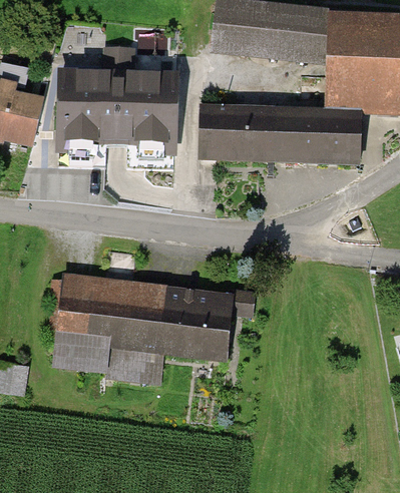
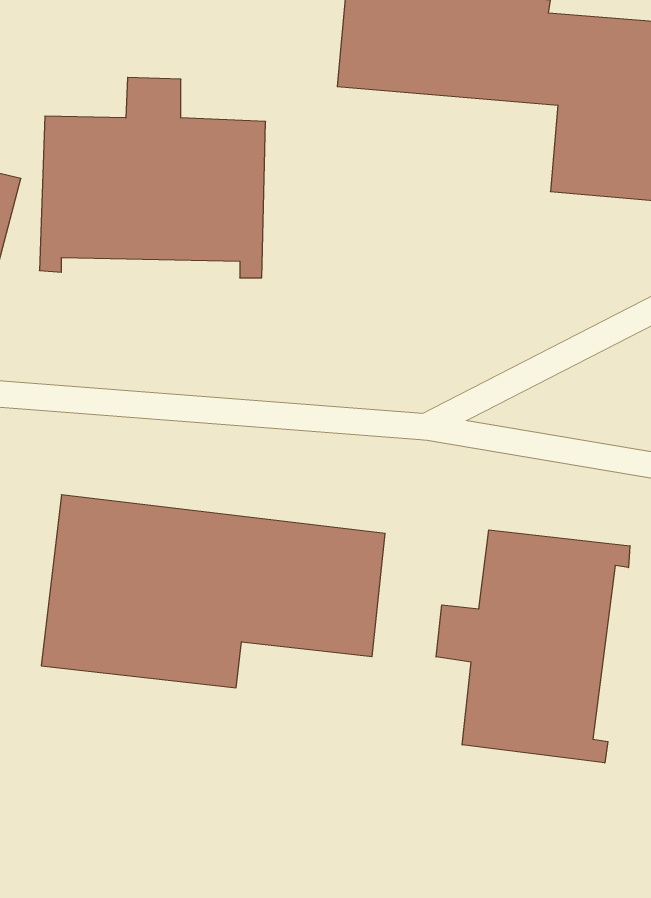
building: [202,108,365,165] -> none
building: none -> [436,530,630,763]

